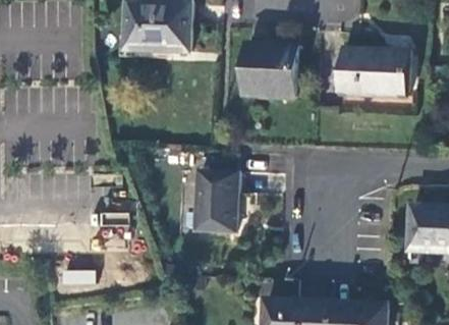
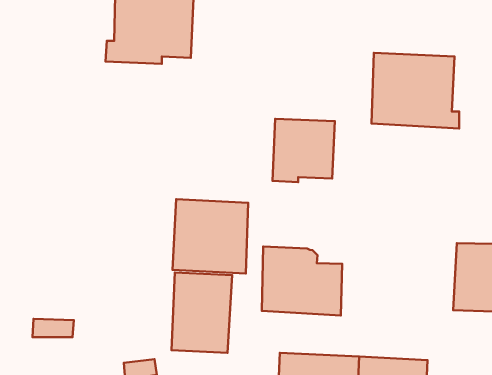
building: [244,43,296,96] -> [273,119,335,182]
building: none -> [262,246,342,315]
building: none -> [172,272,232,353]

